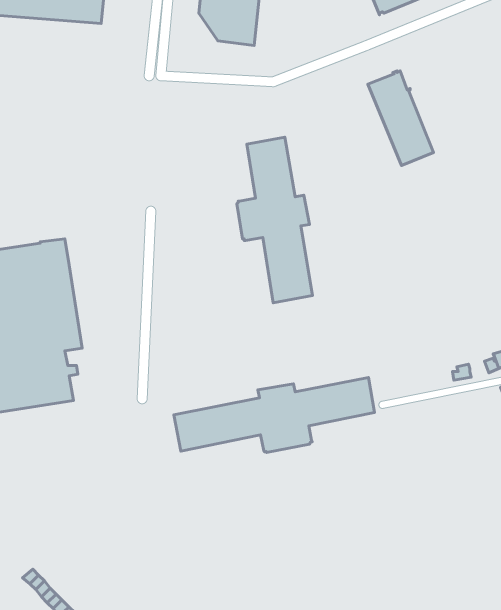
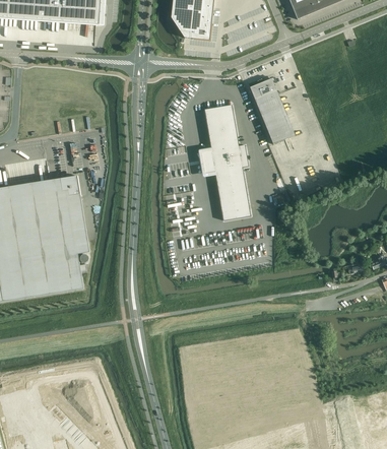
building: [368,71,434,166] -> [249,77,295,143]
building: [174,377,375,453] -> none

